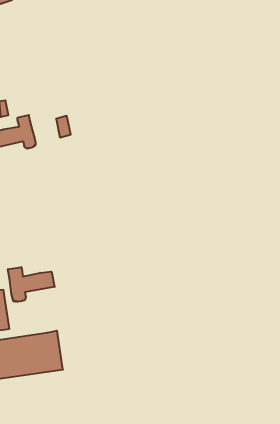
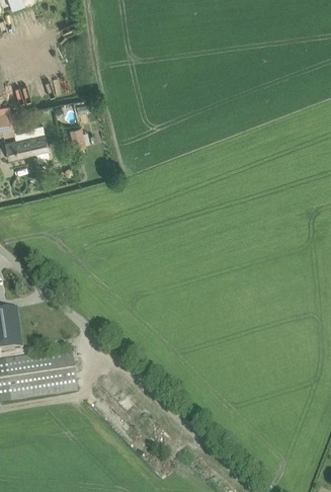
building: [8,267,55,302] -> none

